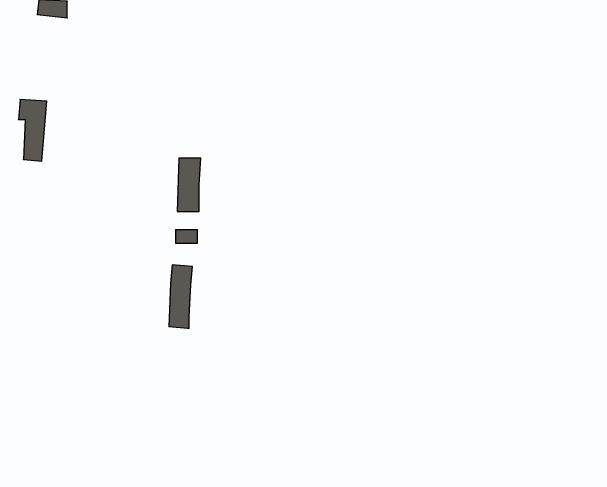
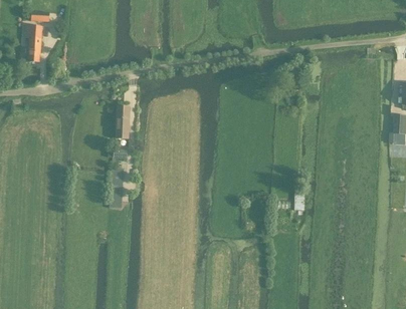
building: [18,99,47,161] -> [26,25,43,62]

